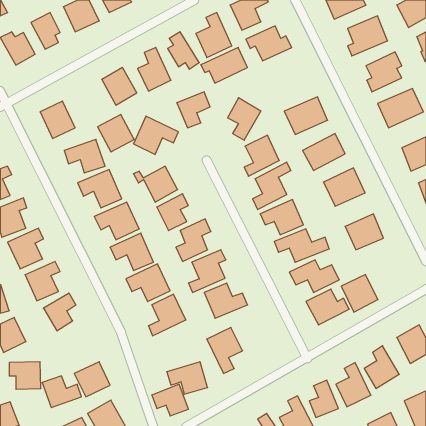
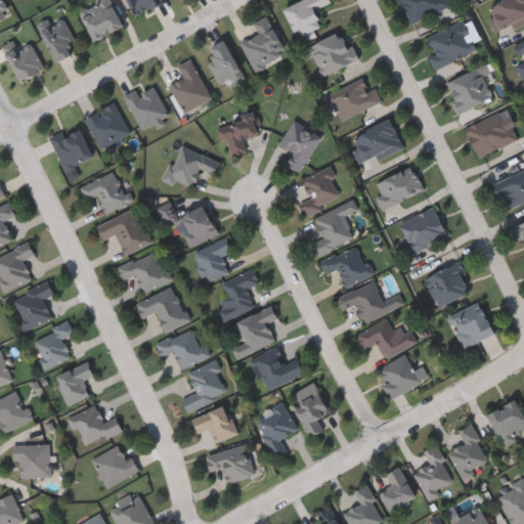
building: [201,47,247,83] -> [323,78,381,122]
building: [98,114,134,152] -> [85,102,130,148]
building: [341,275,378,312] -> [448,303,493,349]
building: none -> [290,383,330,438]
building: [42,376,81,408] -> [73,406,121,445]
building: [152,384,188,416] -> [191,404,236,443]

